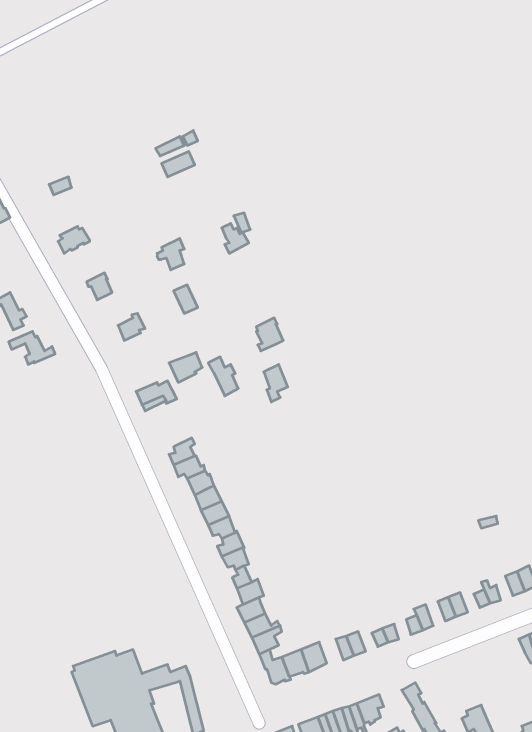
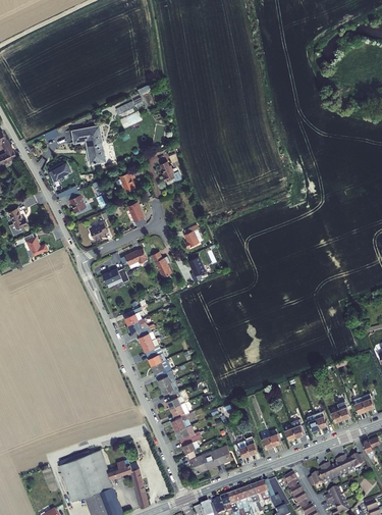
building: none -> [71,125,105,163]
building: none -> [307,455,364,486]

